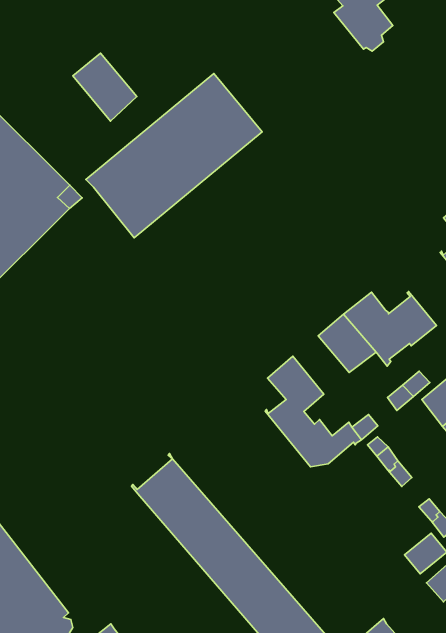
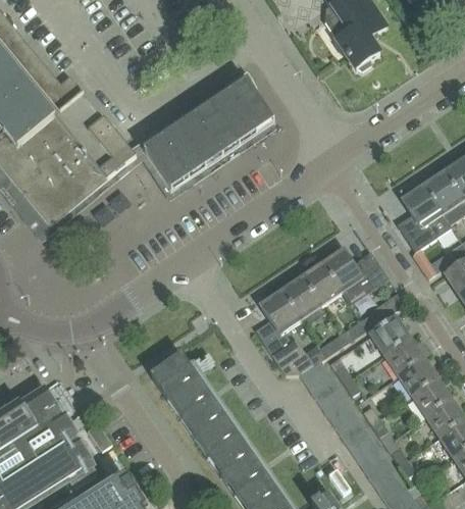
building: [73,53,137,121] -> none
building: none -> [280,276,321,320]
building: none -> [299,358,366,440]

